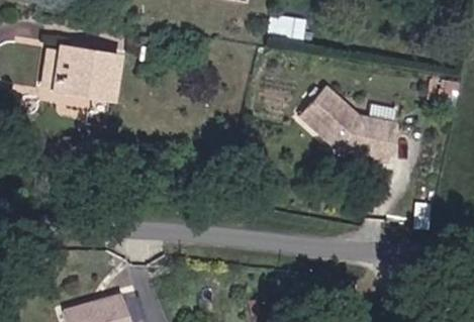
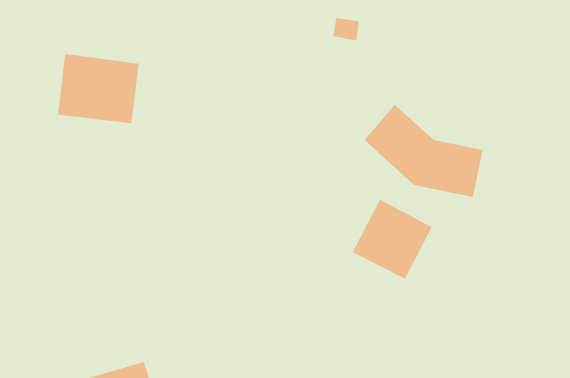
building: none -> [352,199,432,280]

